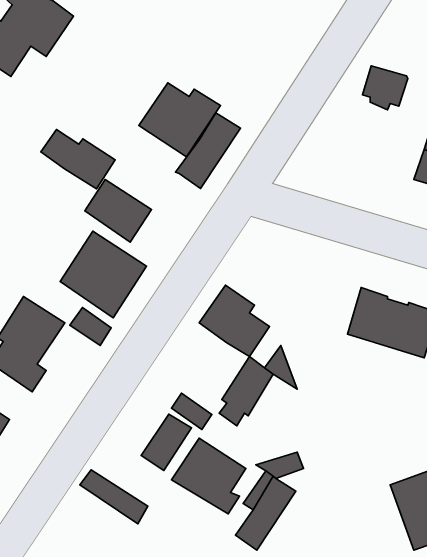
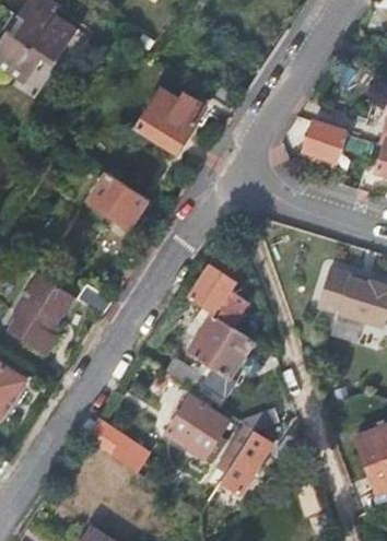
building: [362,66,408,110] -> [303,124,342,162]
building: [176,113,240,188] -> none
building: [41,130,115,189] -> none
building: [60,231,146,318] -> none
building: [141,414,191,471] -> [188,315,232,364]

